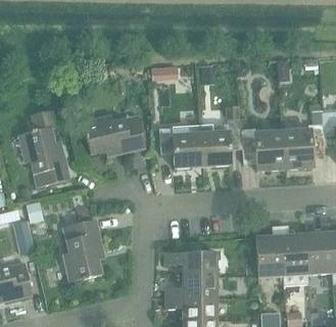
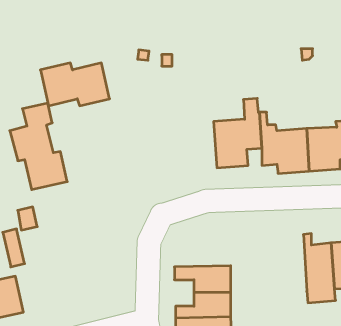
building: [84,115,145,153] -> [40,63,110,106]
building: [159,126,203,169] -> none
building: [62,219,102,282] -> none
building: [255,226,283,278] -> none

